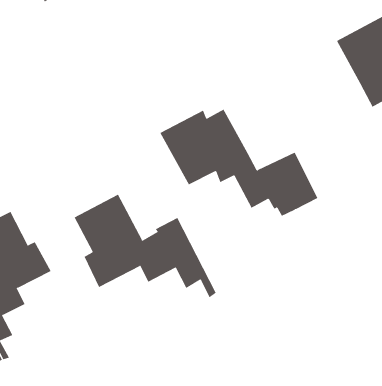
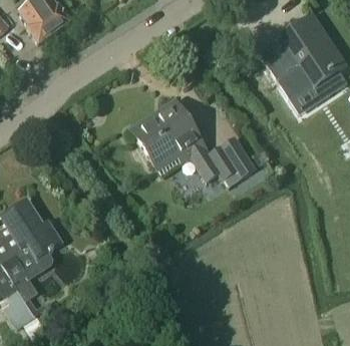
building: [74,194,216,298] -> none

